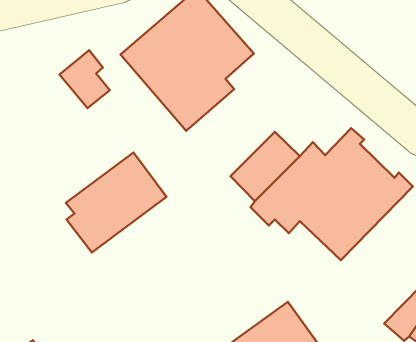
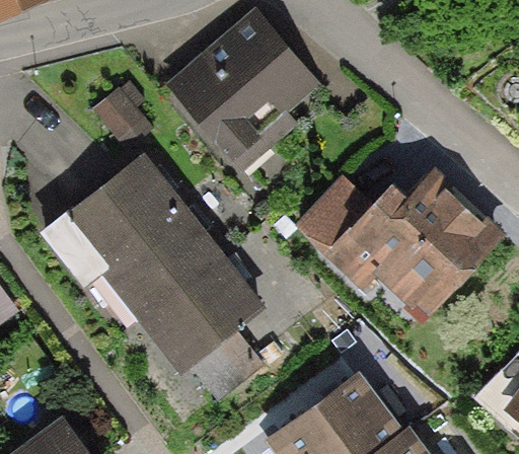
building: none -> [67,153,179,256]
building: none -> [131,249,266,375]

